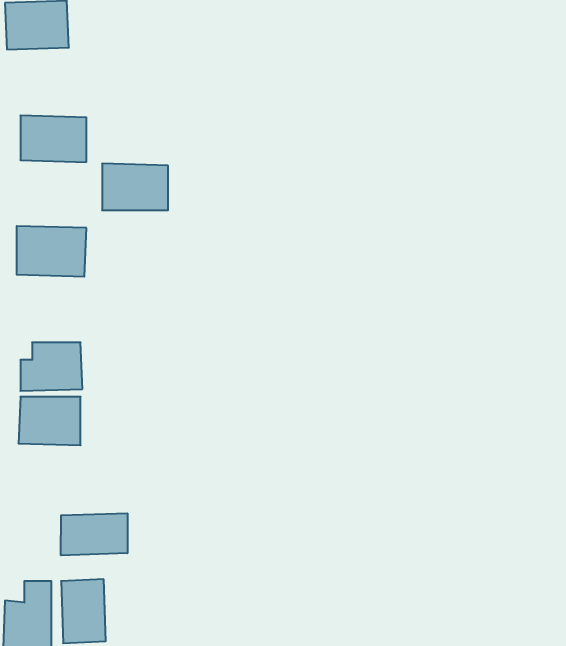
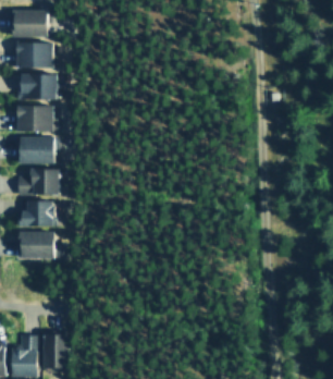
building: none -> [17,42,54,69]
building: [102,164,168,210] -> [17,106,54,132]
building: none -> [20,170,60,196]
building: [61,513,127,555] -> none

